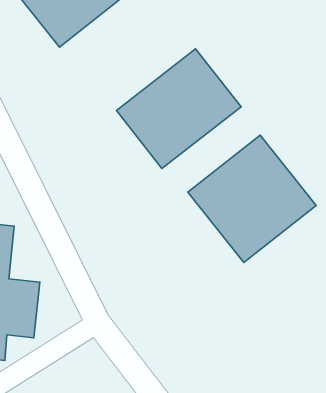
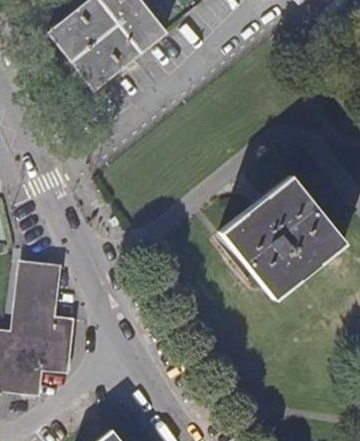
building: [116,49,241,169] -> none

